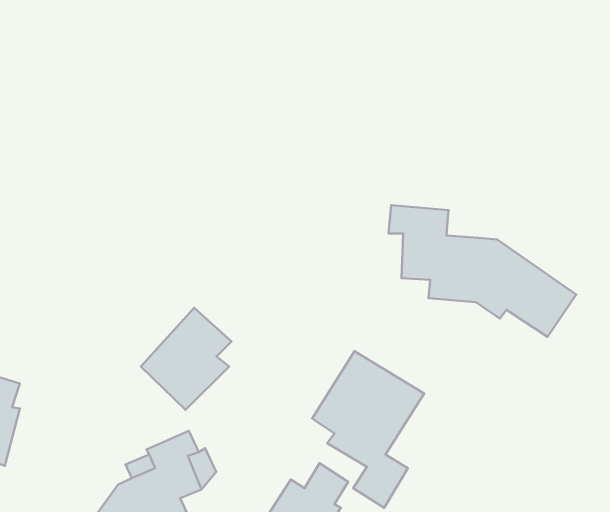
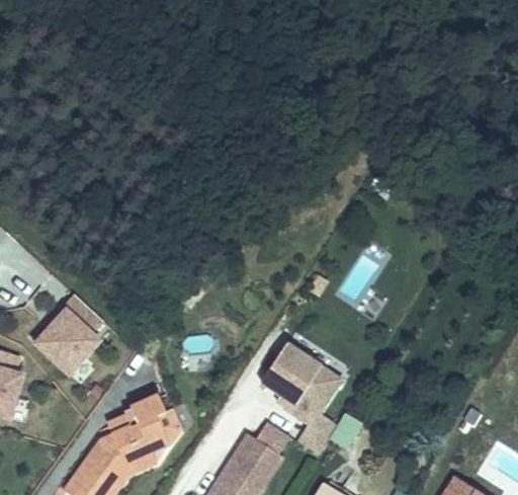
building: [389,205,576,337] -> none
building: [141,308,232,410] -> [29,296,103,379]

